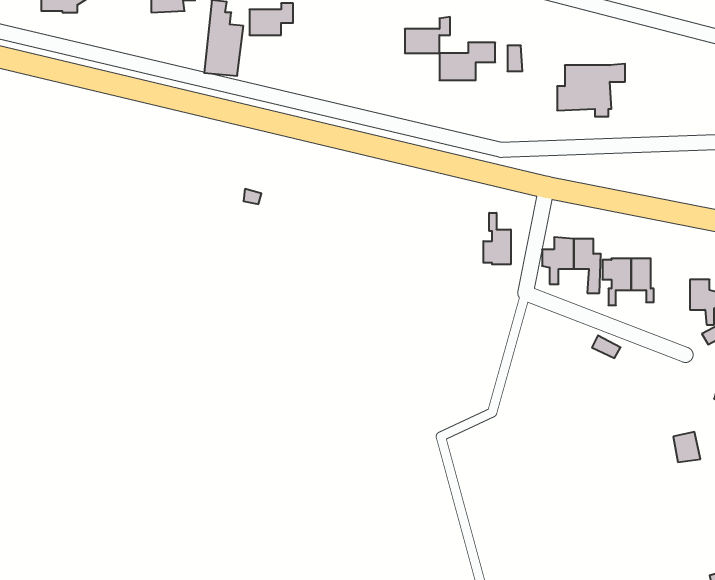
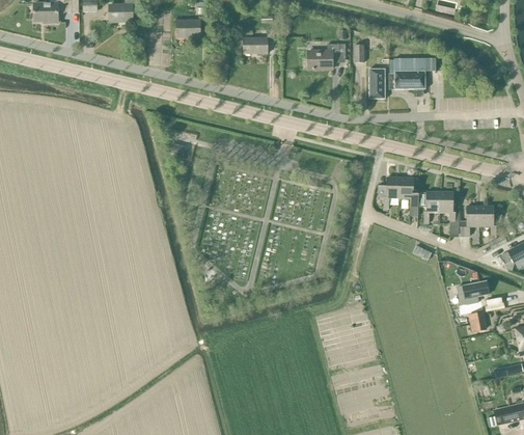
building: [405,17,450,53] -> [243,28,274,53]
building: none -> [368,67,385,99]
building: [483,213,511,264] -> none
building: none -> [460,206,479,235]
building: none -> [462,280,488,310]

